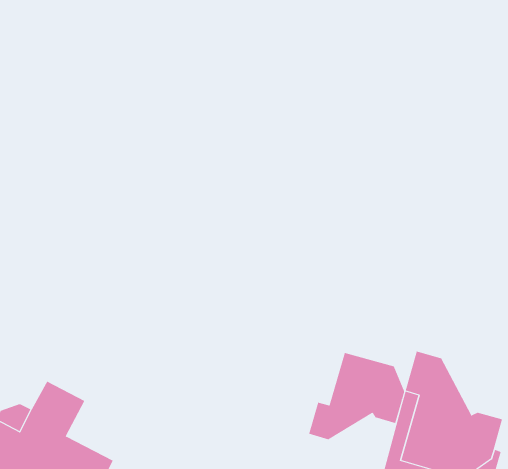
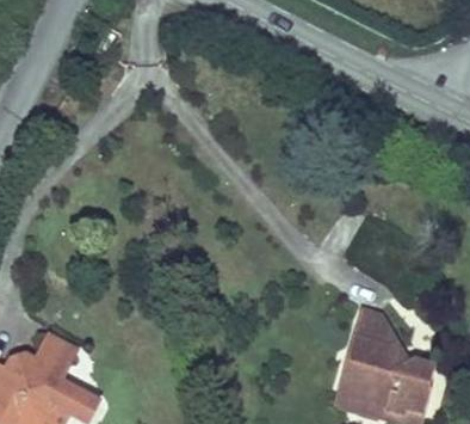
building: [308,352,405,440] -> none

